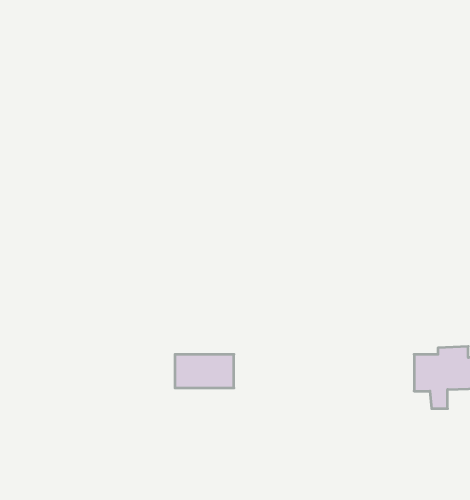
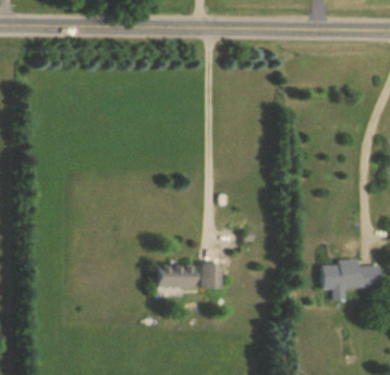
building: none -> [204,262,224,288]

